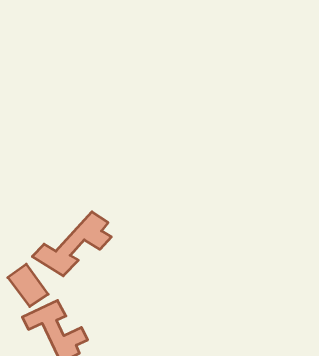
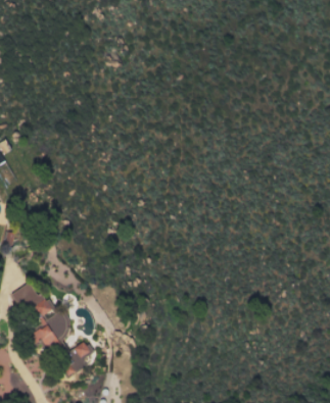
building: [32,212,111,276] -> none

